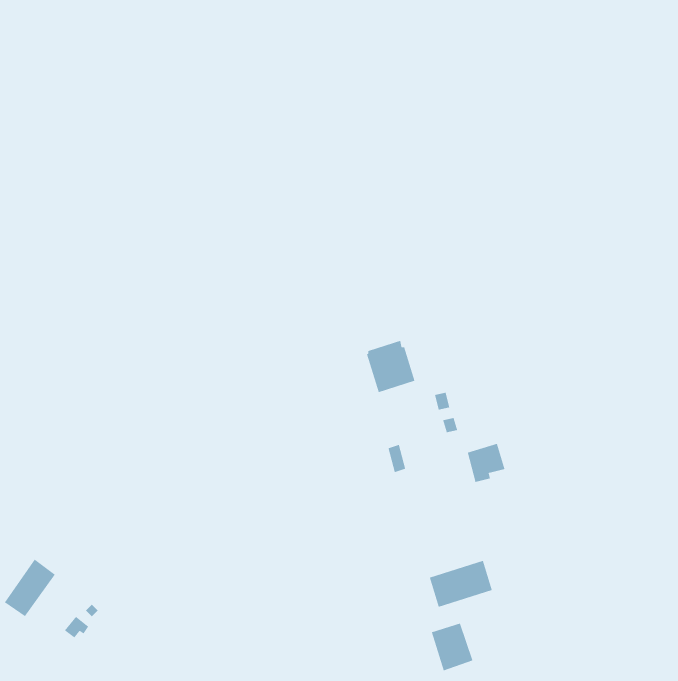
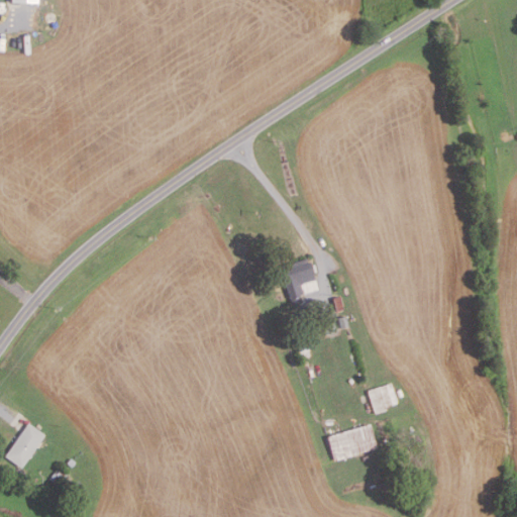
building: [467,443,506,483] -> [369,384,398,414]
building: [431,623,474,671] -> none

